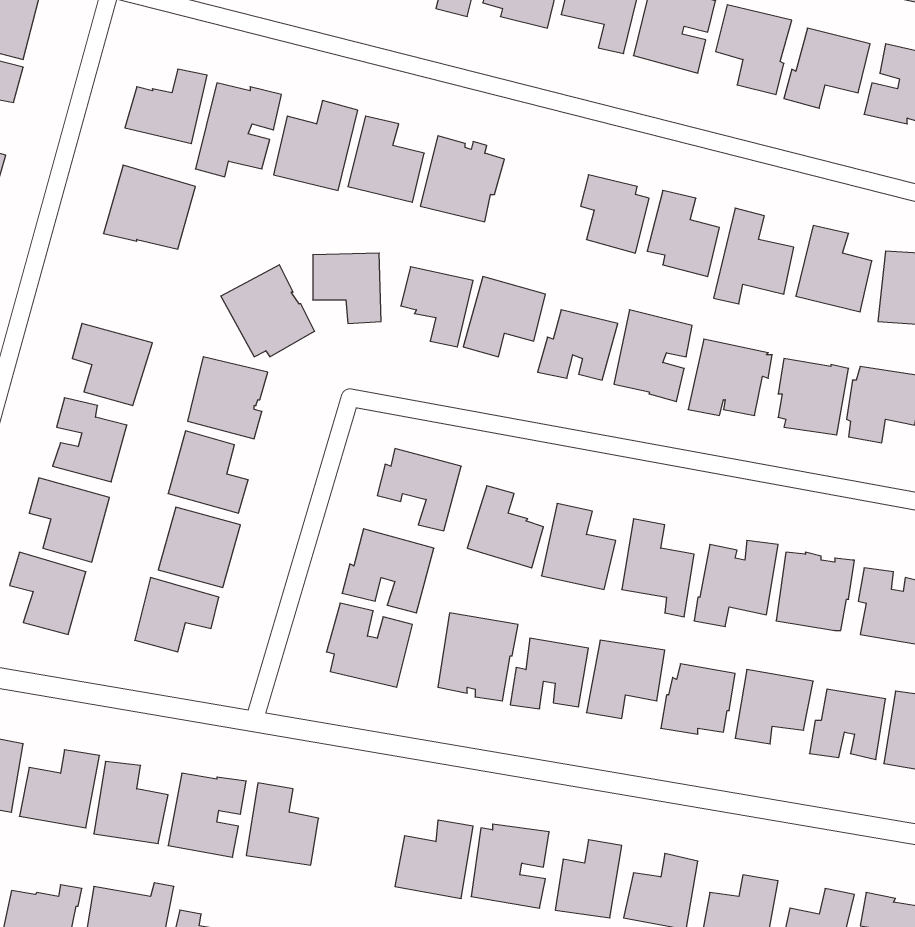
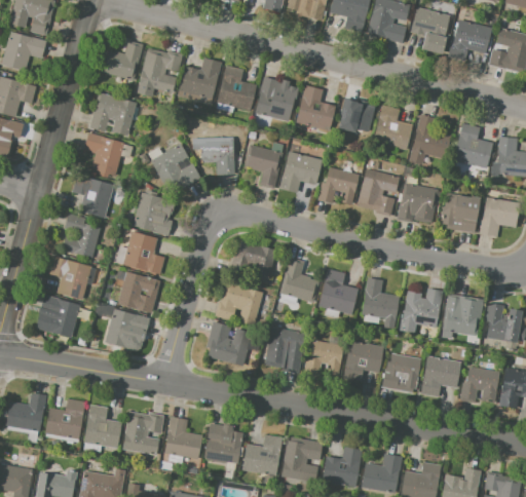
building: none -> [296,85,336,130]
building: none -> [83,132,133,178]
building: none -> [203,423,242,463]

